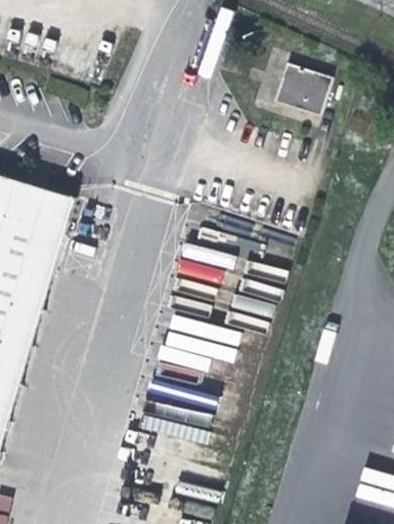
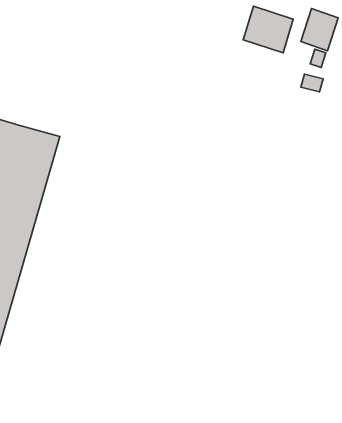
building: none -> [301,8,338,51]

